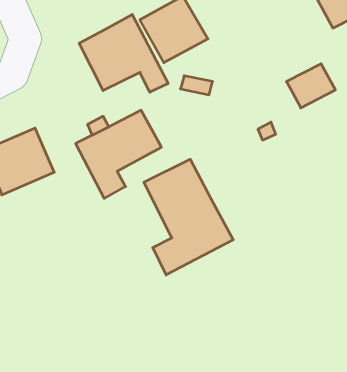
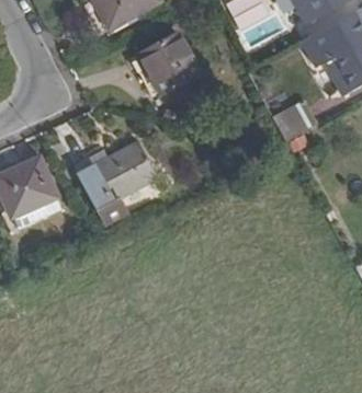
building: [79,14,168,92] -> none
building: [144,159,233,275] -> none

